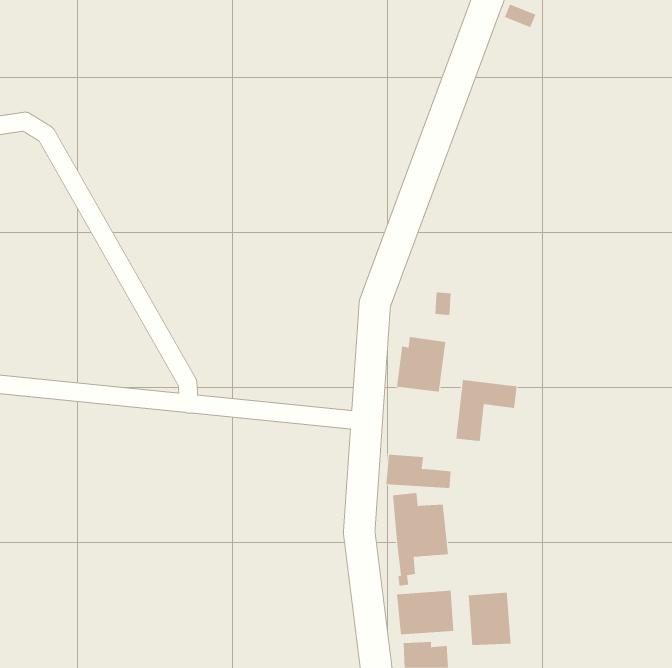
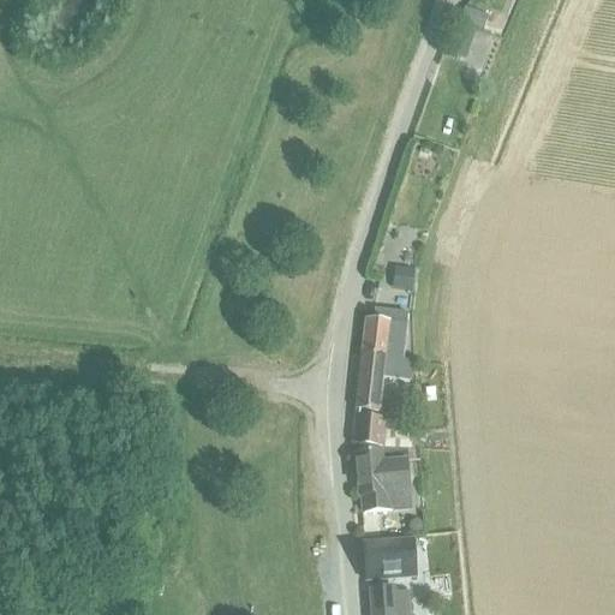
building: [456,380,518,442] -> [354,352,411,408]
building: [468,592,511,646] -> none

